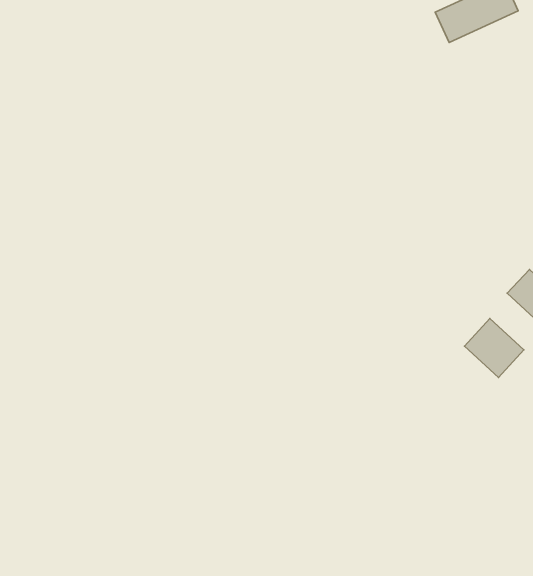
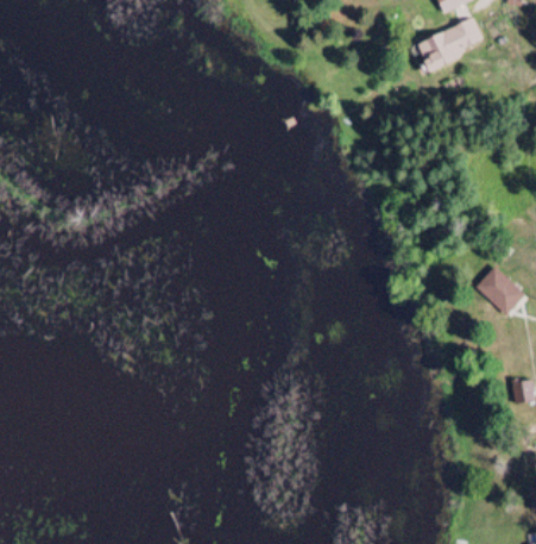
building: [464,318,524,378] -> none

